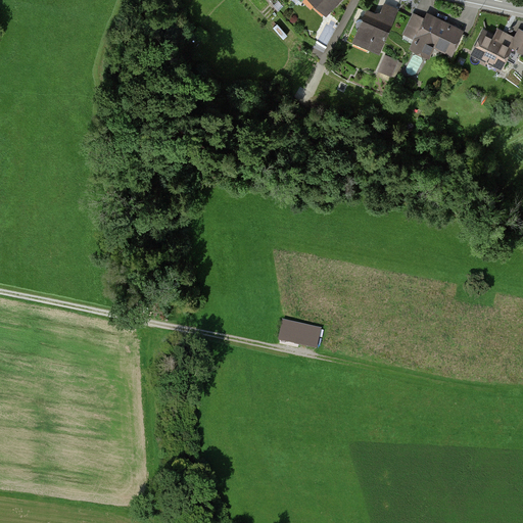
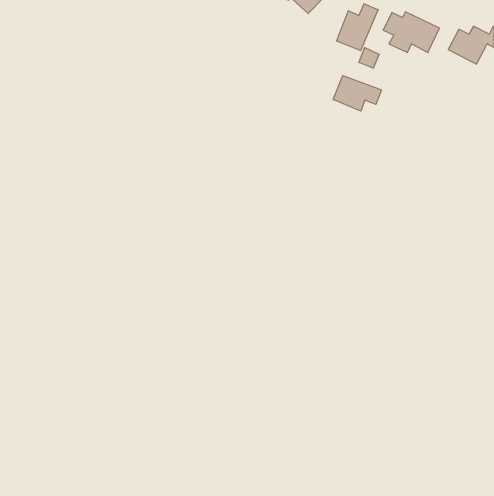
building: none -> [333,76,382,111]
building: [277,320,320,349] -> none

